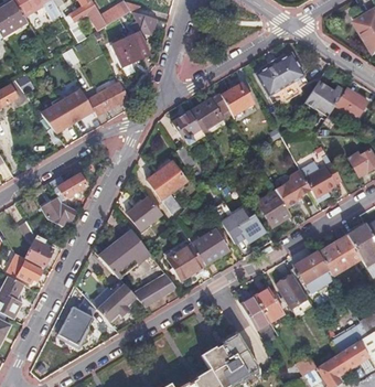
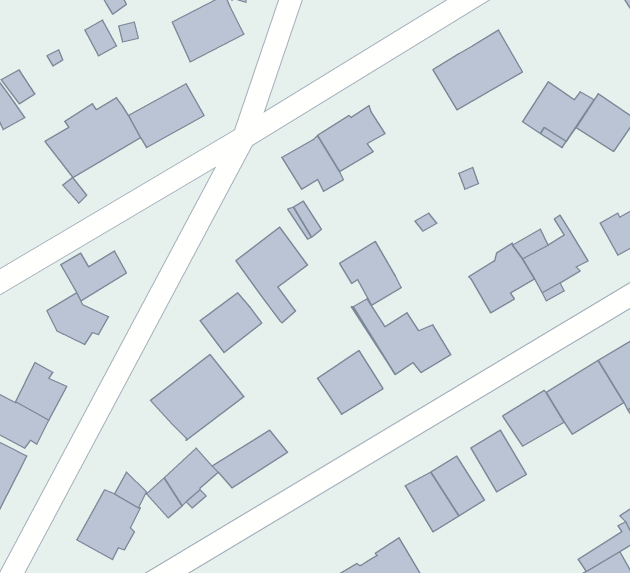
building: [222,83,254,115] -> none
building: [257,189,291,224] -> [340,242,401,305]
building: [168,244,205,279] -> none

